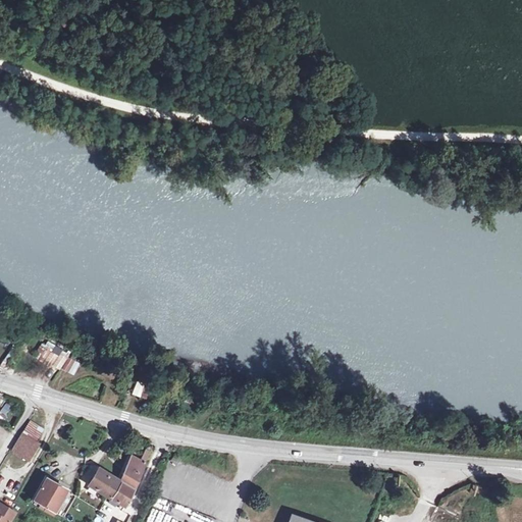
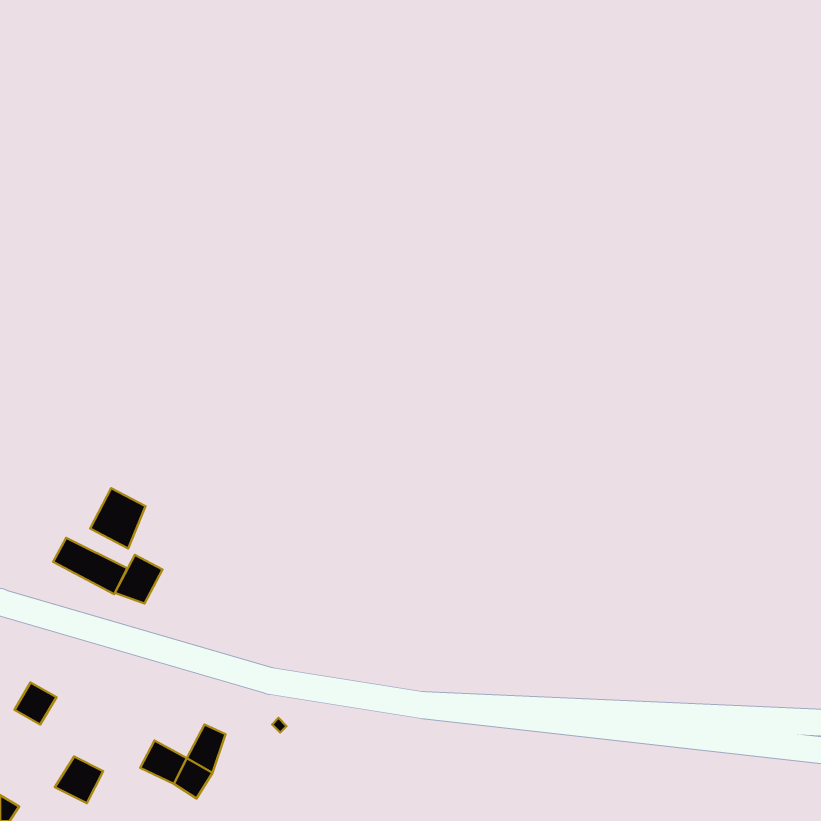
building: none -> [90,488,145,548]
building: none -> [115,555,162,603]

